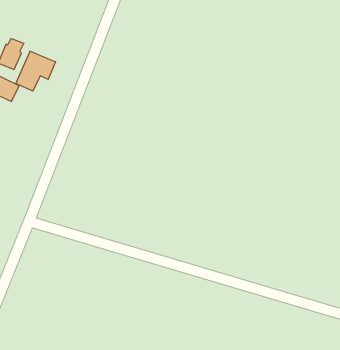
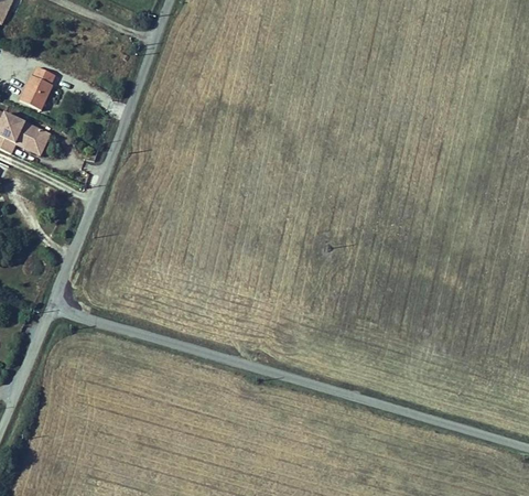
building: [16,51,56,91] -> none

